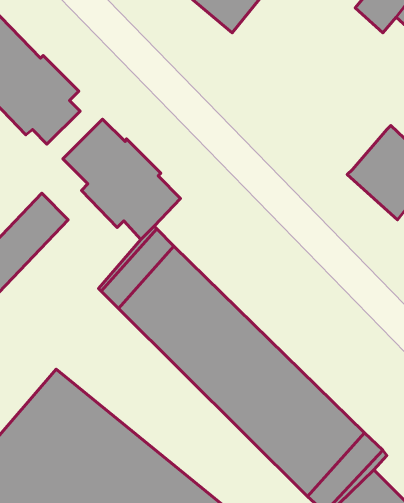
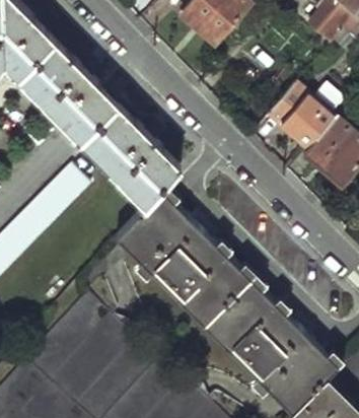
building: none -> [269,80,334,145]

